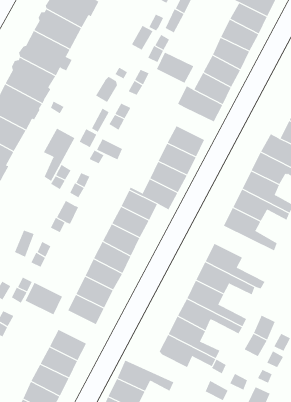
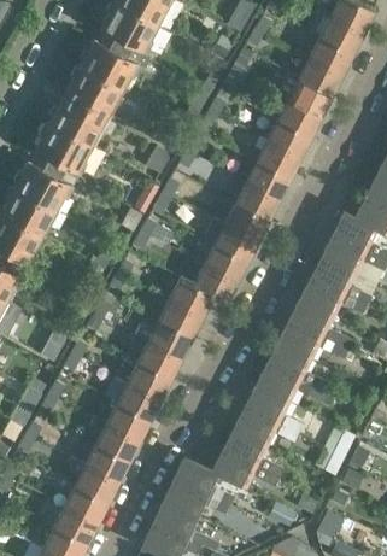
building: [156,52,194,83] -> [234,182,278,220]
building: [43,128,75,182] -> none
building: none -> [278,321,350,359]
building: [25,282,63,315] -> [95,421,140,460]
building: none -> [174,457,236,505]

